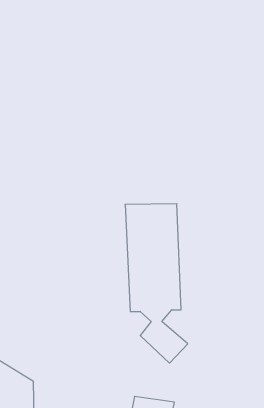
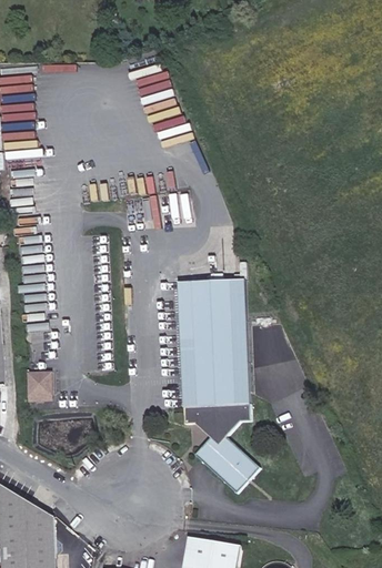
building: none -> [24,374,47,403]

